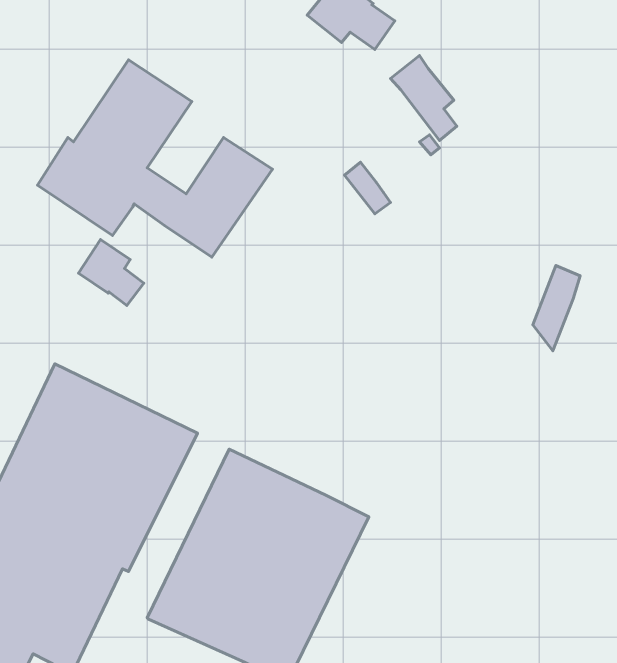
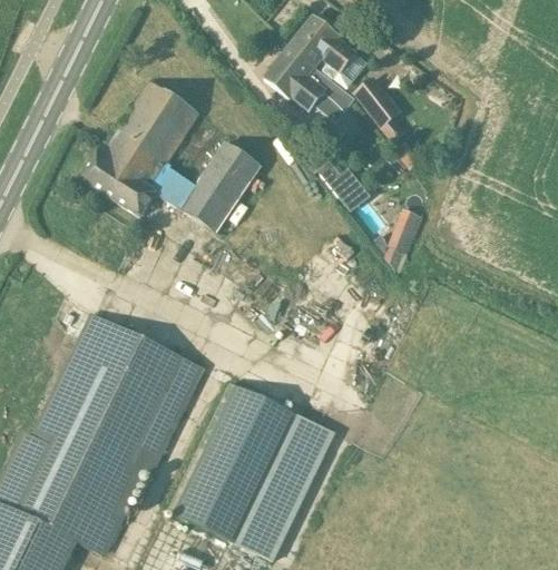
building: none -> [263,46,354,122]
building: [78,240,144,306] -> none
building: [533,266,580,351] -> [384,208,421,274]

